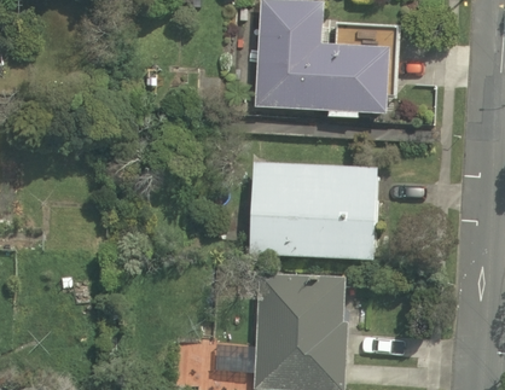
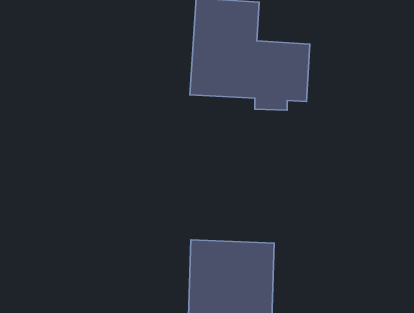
building: [246,162,379,258] -> none

